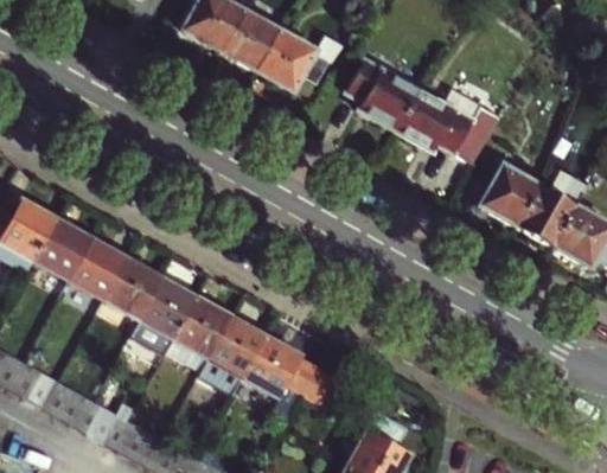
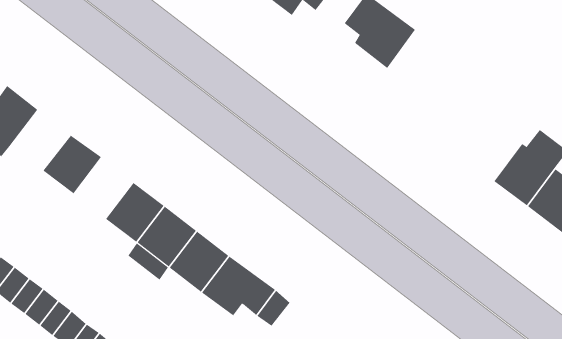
building: [395,88,493,164] -> none
building: [478,164,538,226] -> none
building: [32,220,90,280] -> none
building: [102,258,159,319] -> none

